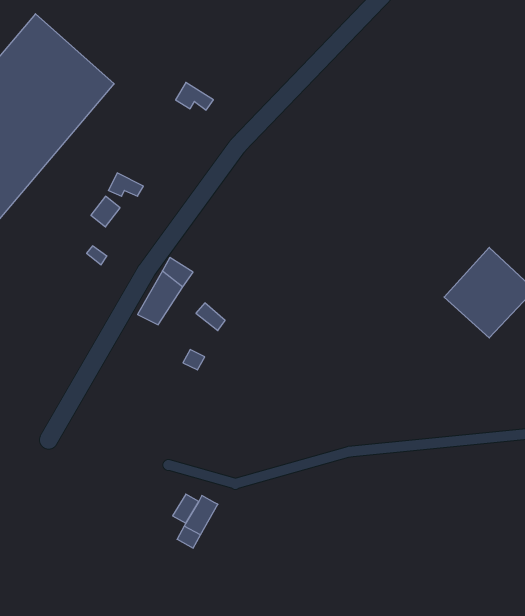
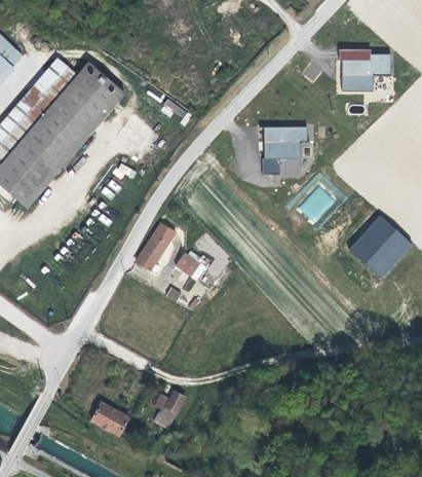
building: none -> [342,49,392,90]
building: none -> [264,126,311,176]
building: none -> [97,401,132,433]

